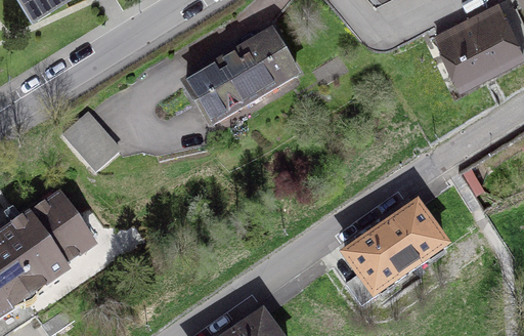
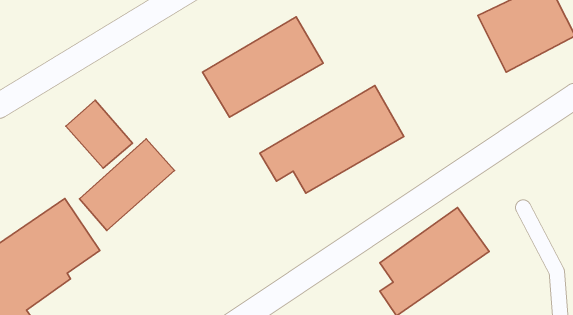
building: none -> [260,85,404,193]
building: none -> [79,139,175,230]

